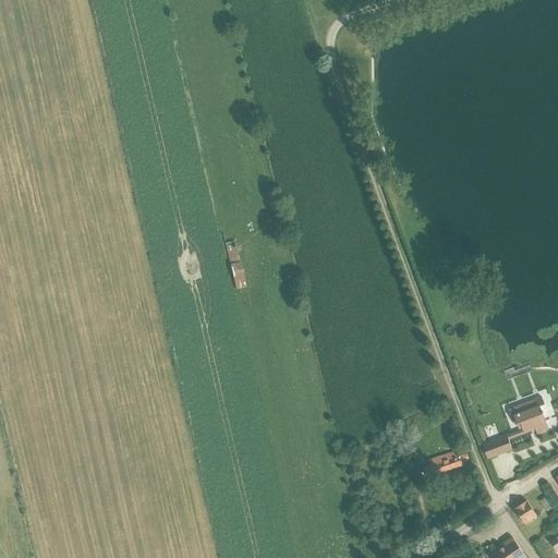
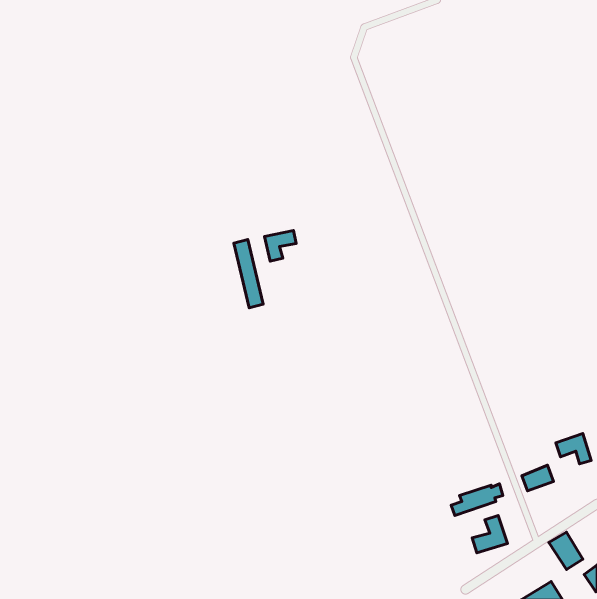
building: none -> [264,231,296,261]
building: none -> [472,515,508,553]

